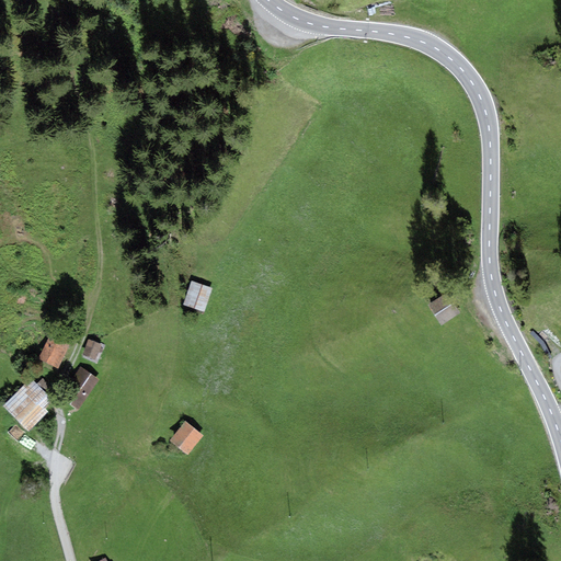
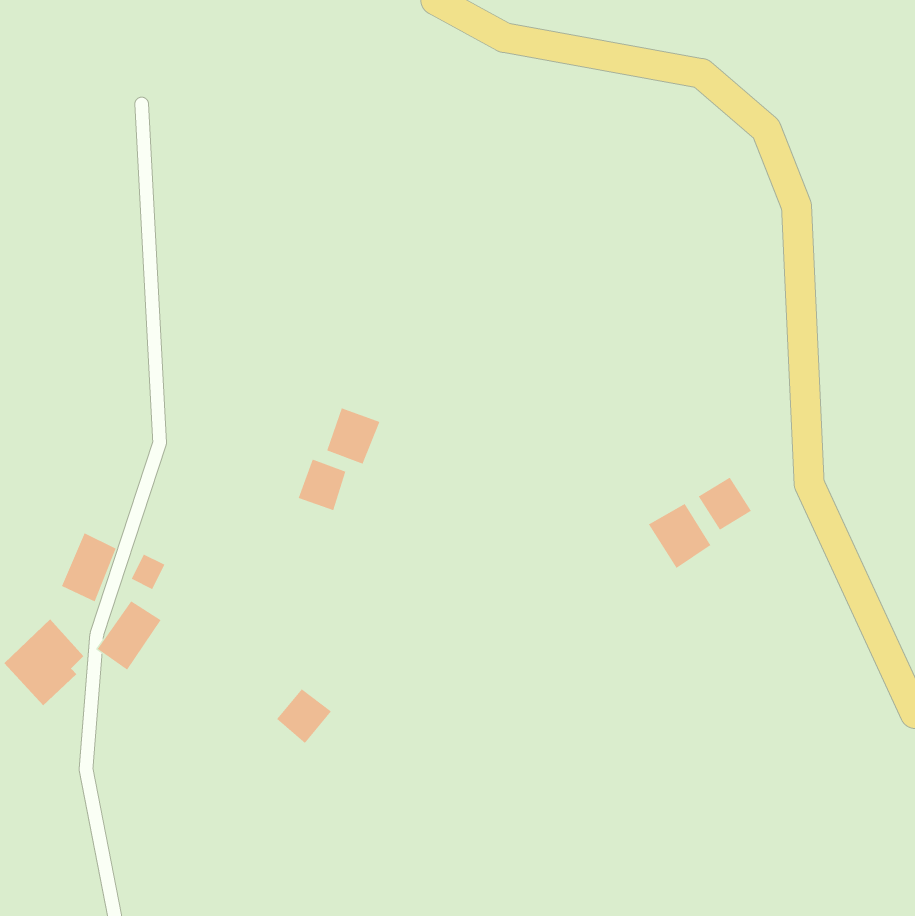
building: none -> [327,407,380,464]
building: none -> [648,503,711,569]

